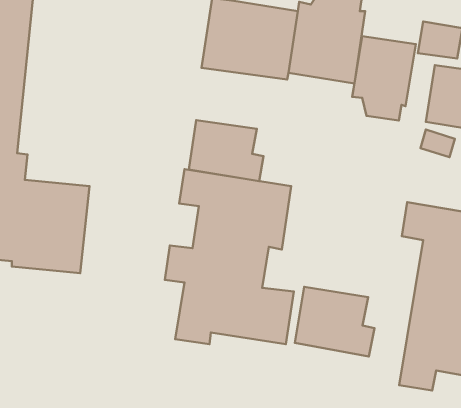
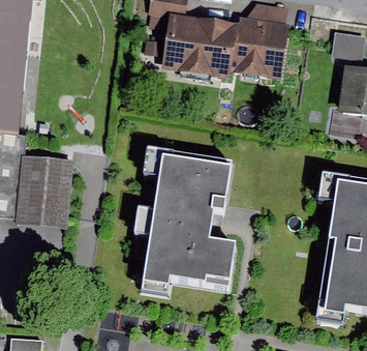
building: [352,36,416,120] -> none
building: [189,120,264,181] -> none
building: [295,287,374,357] -> none

